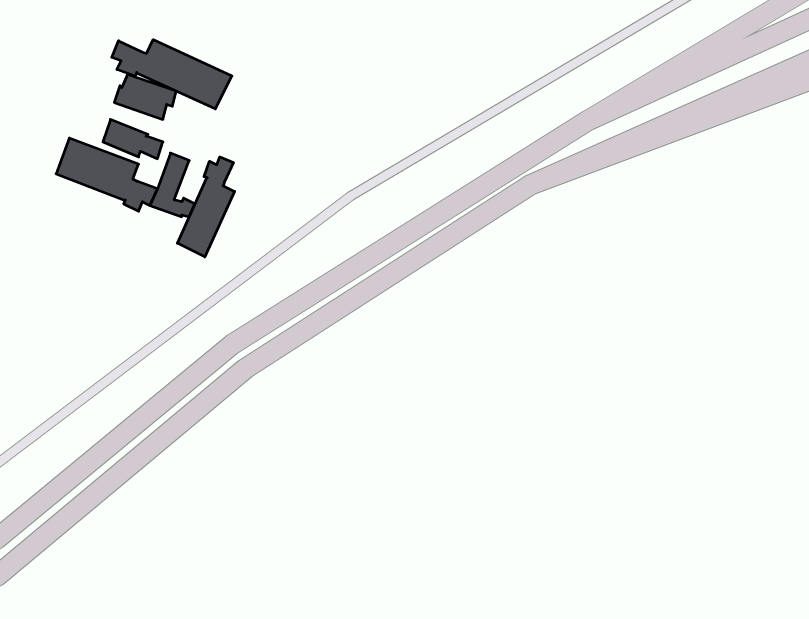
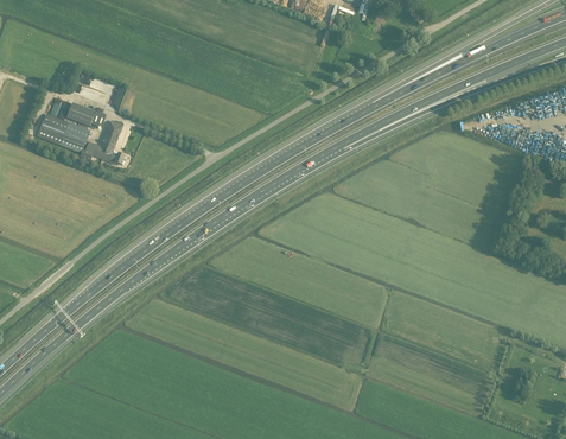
building: [112,40,232,109] -> none
building: [177,157,235,257] -> none

